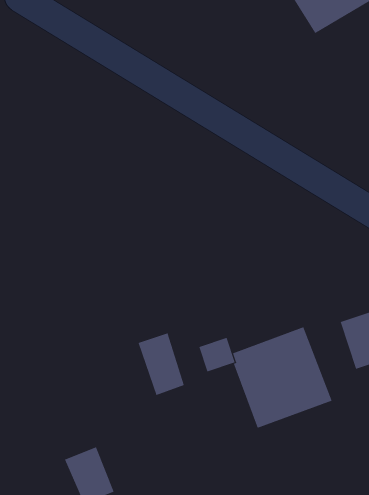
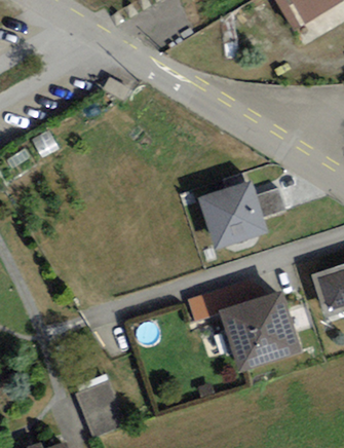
building: none -> [198,185,263,248]
building: [138,333,184,396] -> none

